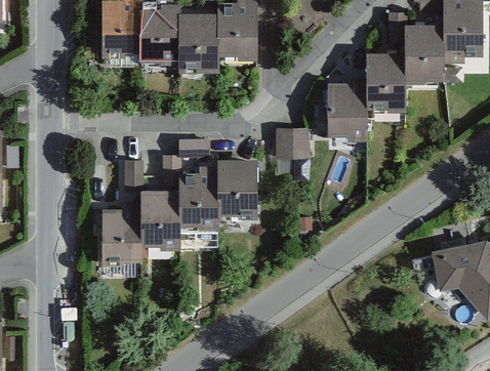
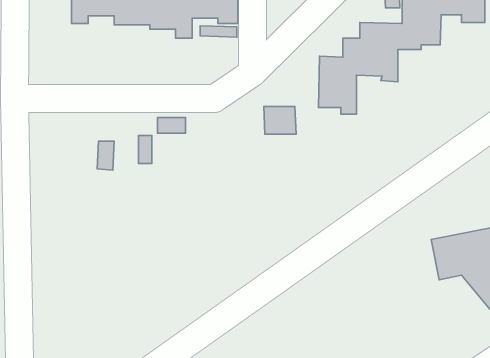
building: [99,161,254,260] -> none

